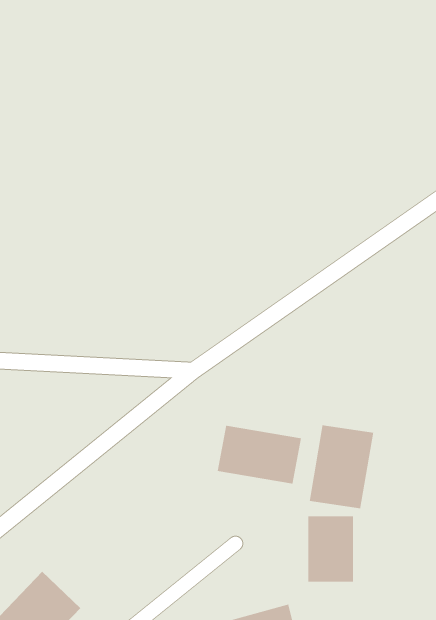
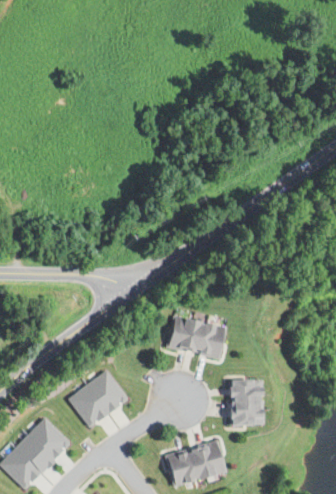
building: [309,424,374,509] -> none
building: none -> [69,370,129,427]

